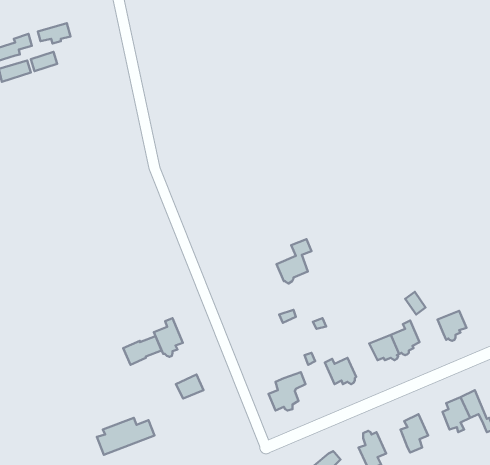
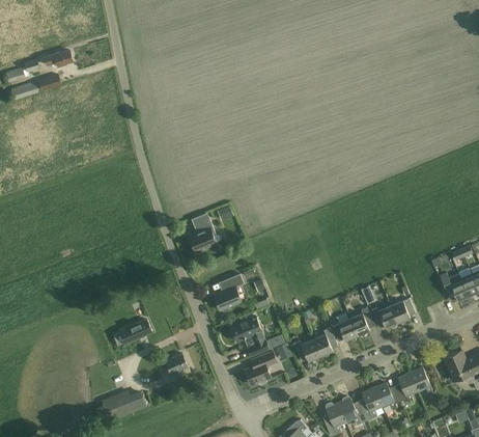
building: none -> [188,219,216,251]
building: [277,239,311,283] -> [214,273,244,311]
building: [154,318,183,357] -> none
building: none -> [370,305,397,328]
building: none -> [229,316,269,356]
building: none -> [312,327,337,357]
building: none -> [373,382,400,412]
building: none -> [337,395,366,425]

